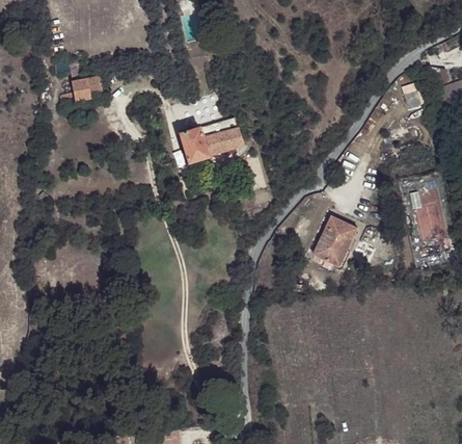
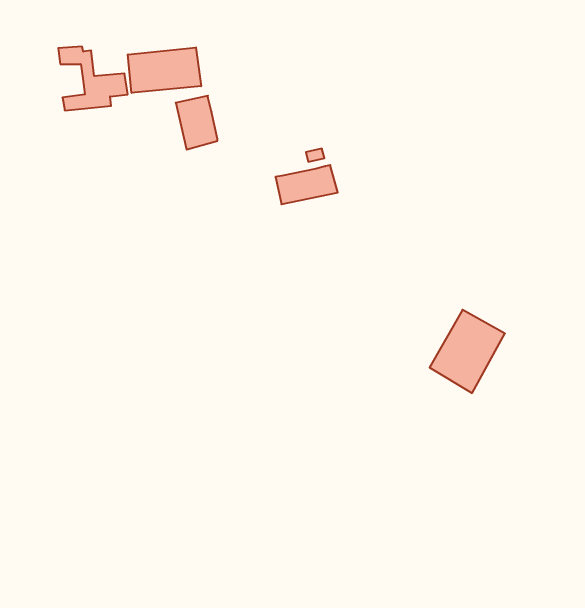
building: none -> [128,47,201,93]
building: [180,127,209,163] -> [176,96,217,150]

